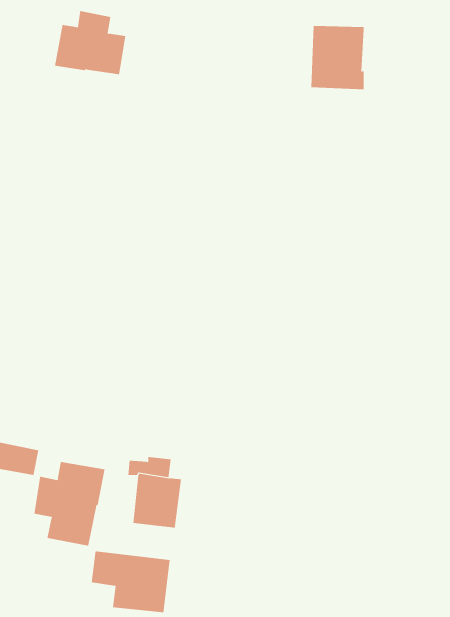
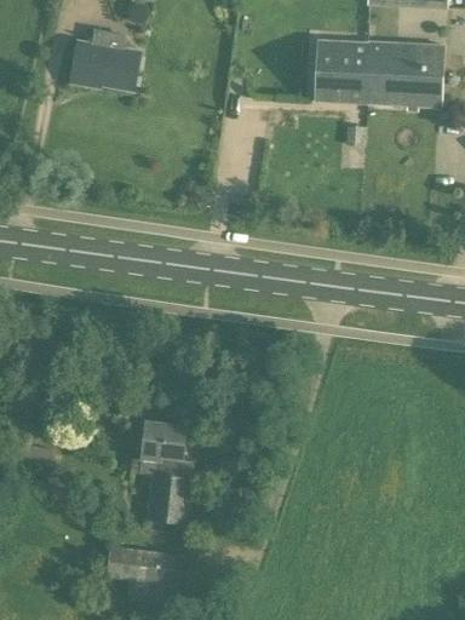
building: none -> [364,41,442,107]
building: none -> [140,424,184,460]
building: [34,461,105,547] -> none

